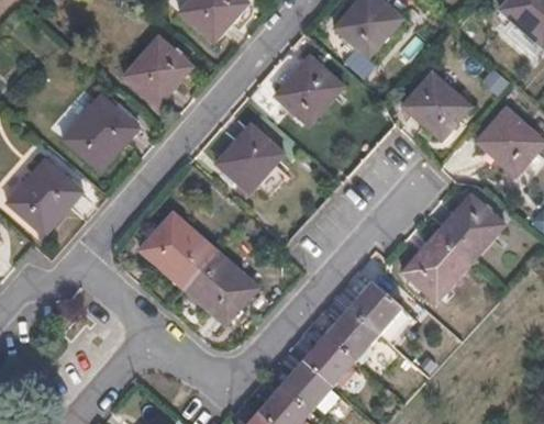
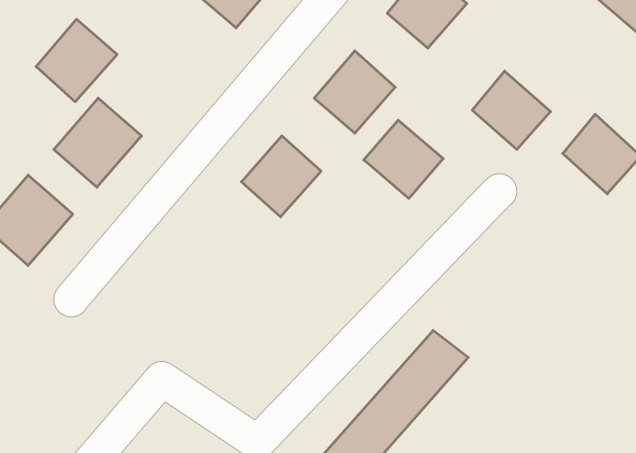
building: [124,35,190,102] -> [36,19,117,102]
building: none -> [364,120,443,198]
building: [402,193,504,302] -> none
building: [140,214,255,324] -> none

